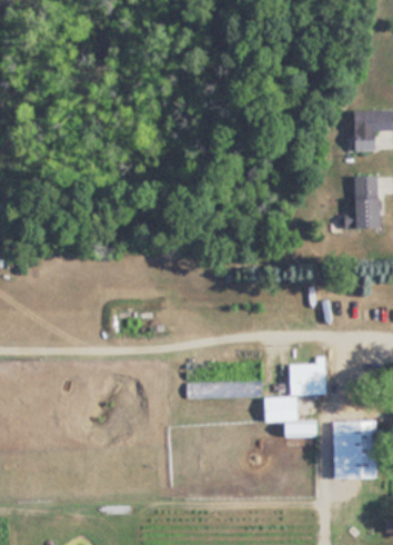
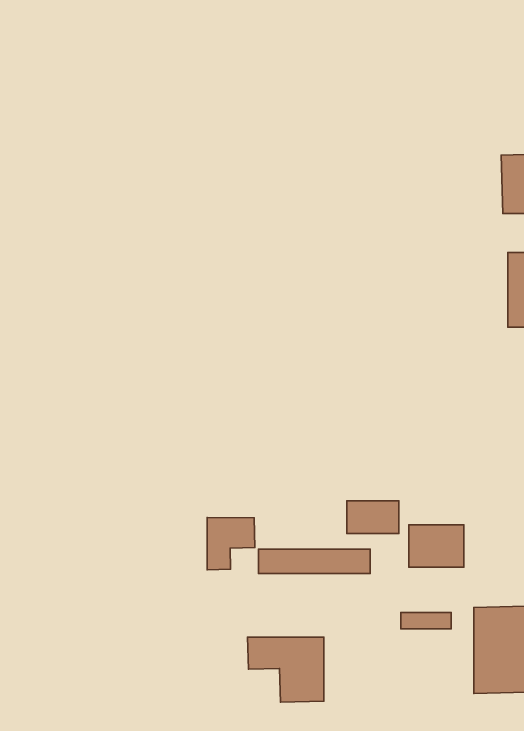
building: none -> [207,518,255,570]
building: [262,397,298,419] -> [347,501,399,533]
building: none -> [247,637,324,702]

